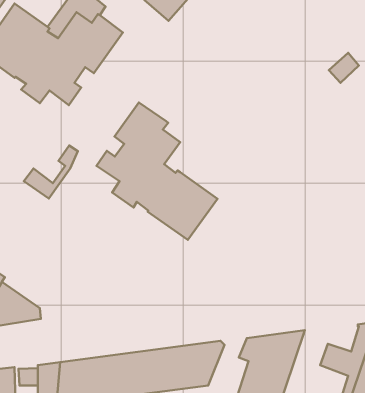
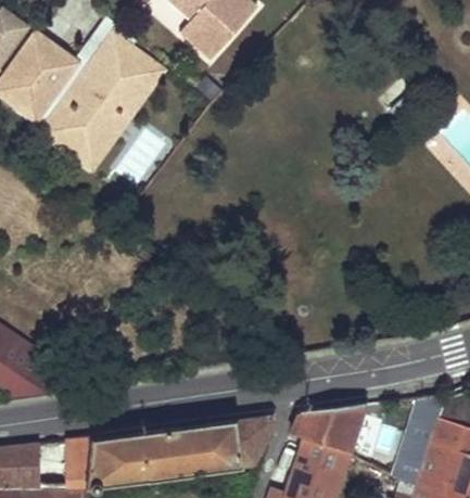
building: [97,102,218,240] -> none
building: [24,145,78,199] -> [67,110,128,169]

